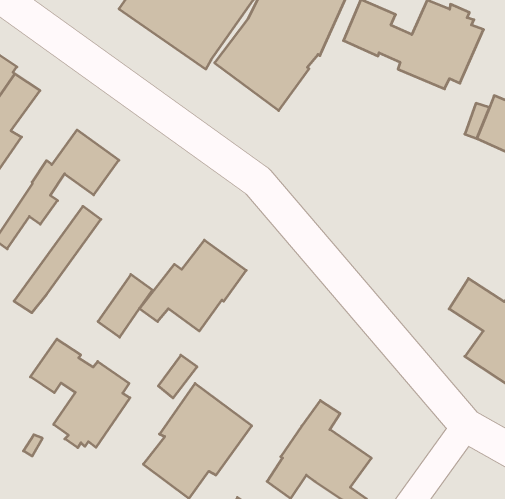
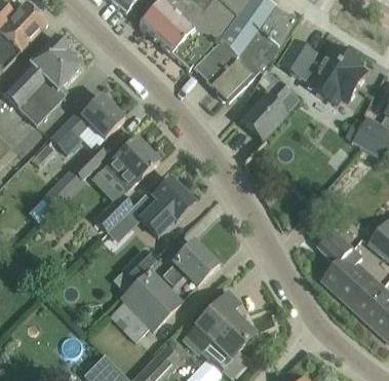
building: none -> [241,71,298,138]
building: none -> [103,136,158,191]
building: none -> [161,240,217,285]
building: [30,339,130,448] -> none

